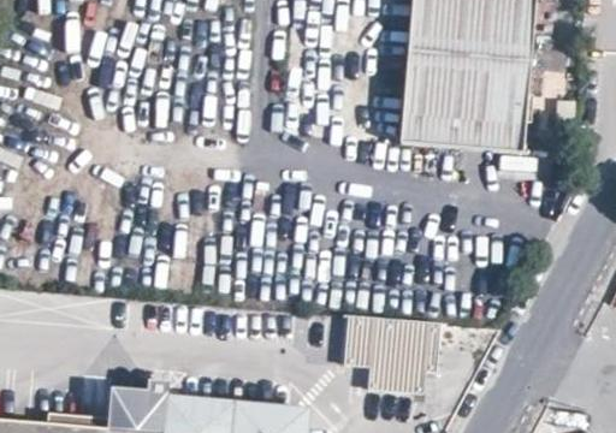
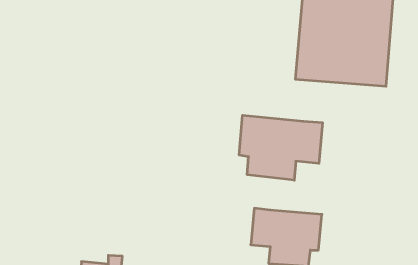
building: none -> [239,115,322,180]

